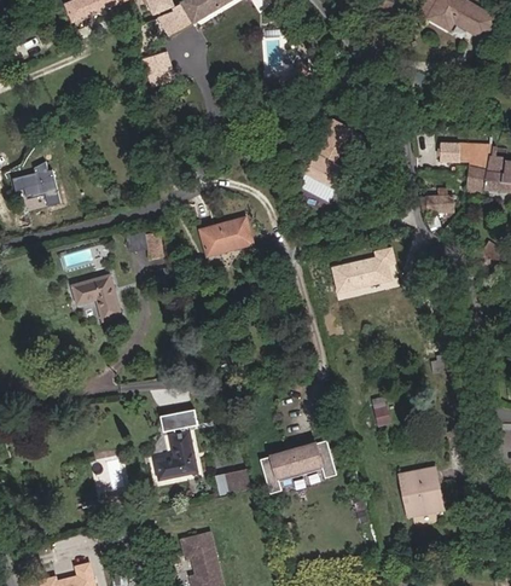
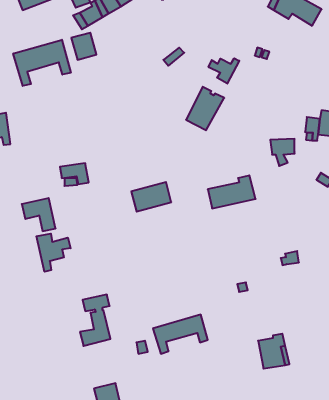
building: none -> [13,40,71,86]
building: none -> [209,58,239,84]
building: [440,141,490,167] -> none
building: [196,217,251,259] -> [131,182,171,212]
building: none -> [36,234,71,272]

